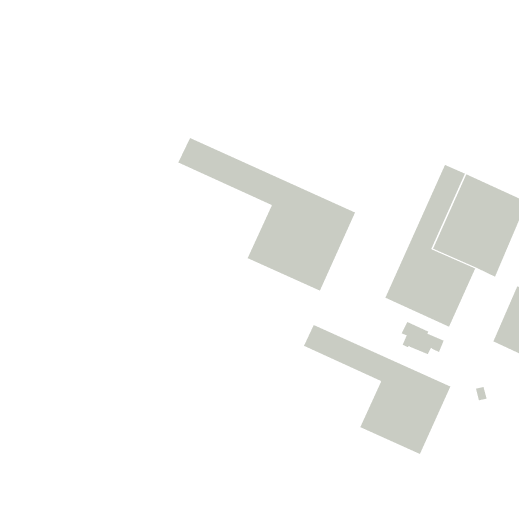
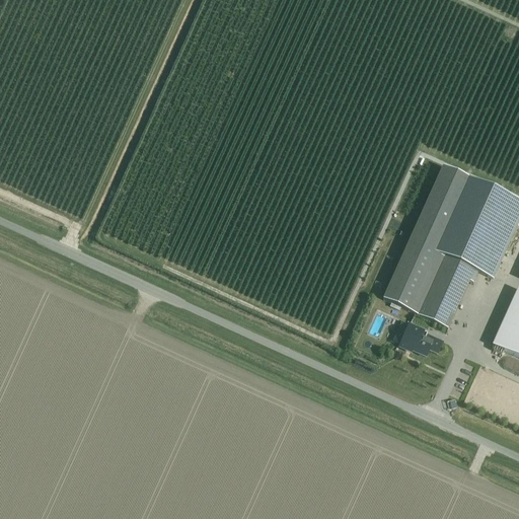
building: [178,137,356,292] -> none
building: [303,324,451,455] -> none

